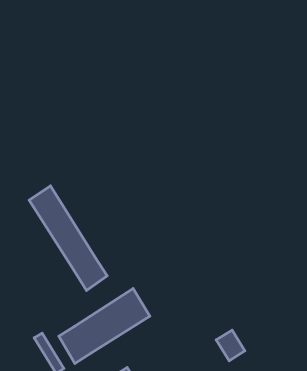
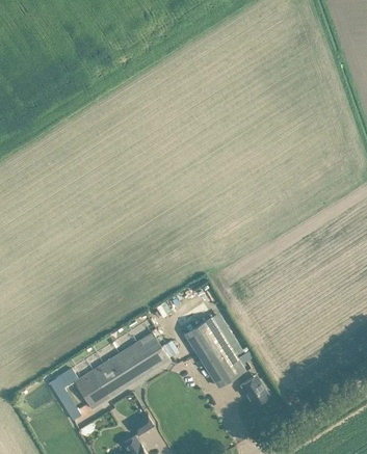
building: [29,186,107,291] -> none
building: none -> [185,317,245,386]

